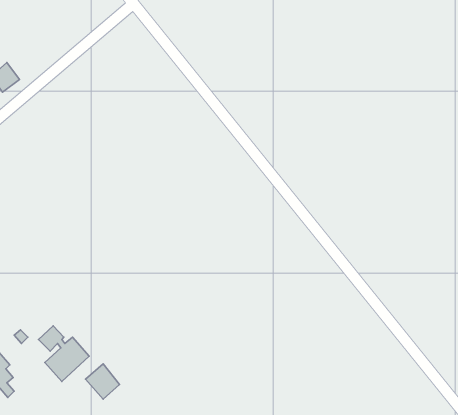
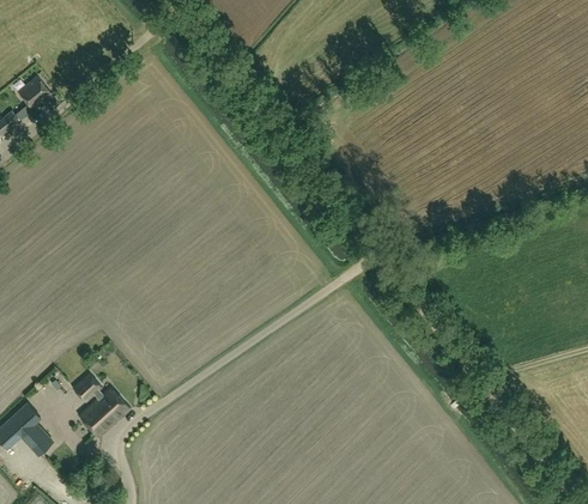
building: [85,364,119,399] -> none

